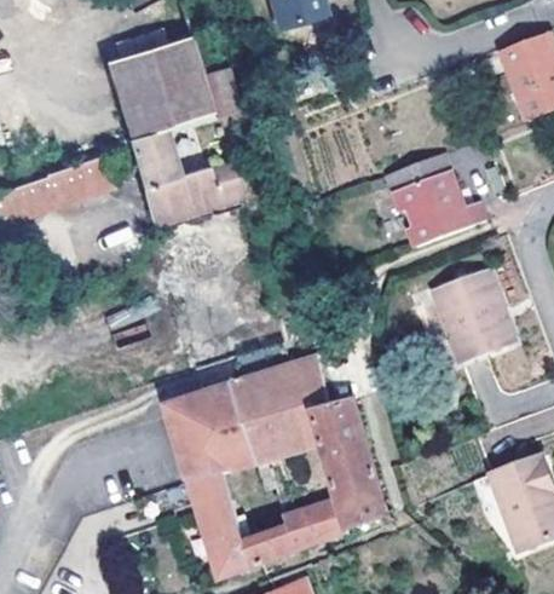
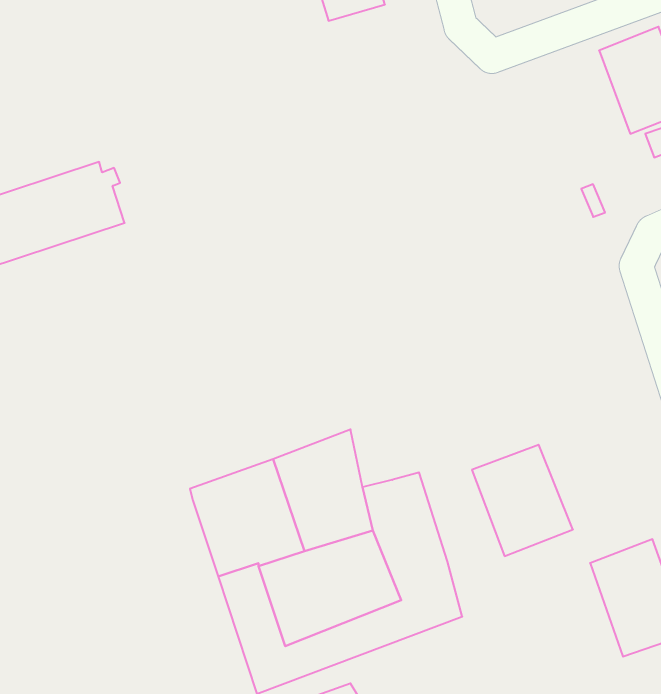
building: [109,44,248,229] -> none
building: [386,152,483,244] -> none
building: [433,270,515,361] -> [472,445,573,556]
building: [296,354,330,409] -> none

